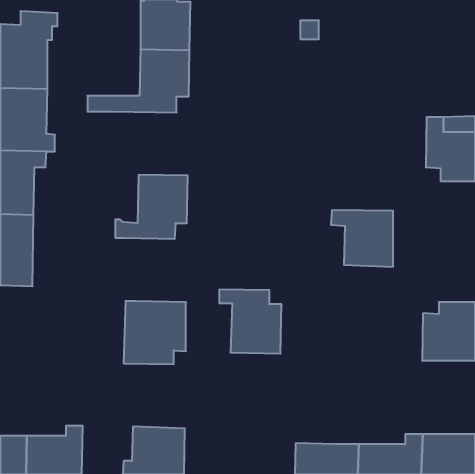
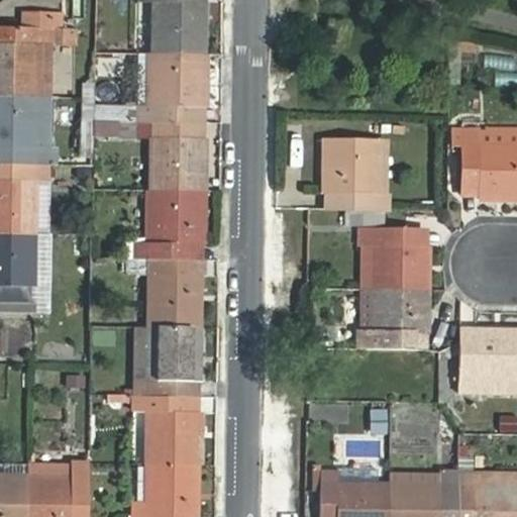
building: none -> [121,121,205,191]
building: none -> [323,137,392,211]
building: none -> [359,288,427,349]
building: [219,289,282,354] -> [135,258,203,328]
building: none -> [134,395,201,466]

